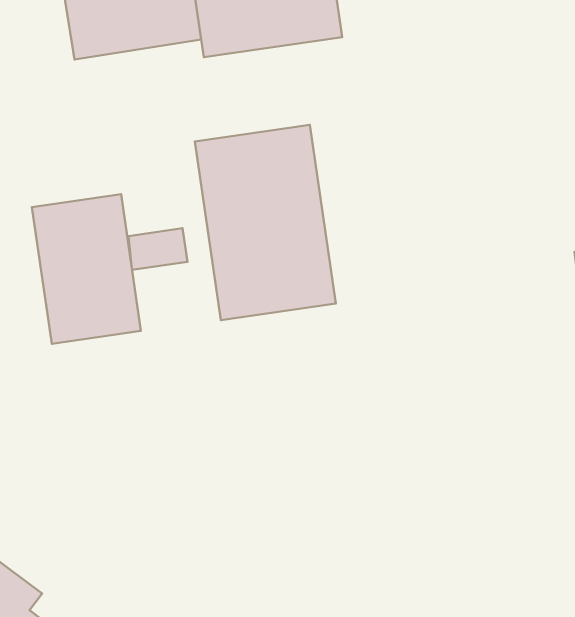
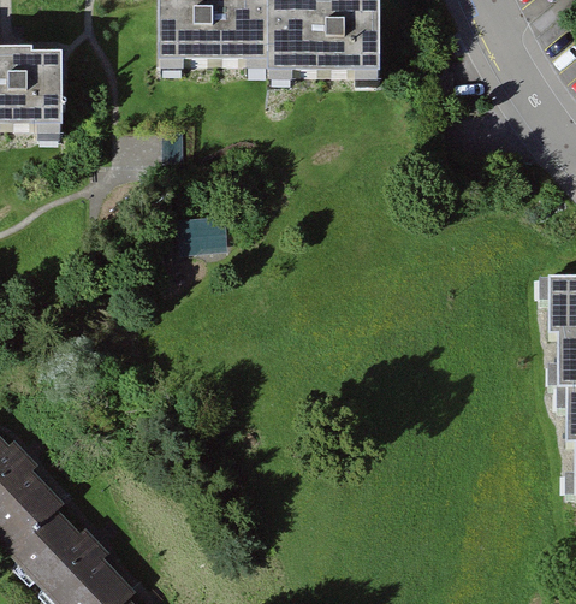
building: [195,125,336,320] -> none
building: [32,194,141,344] -> none

